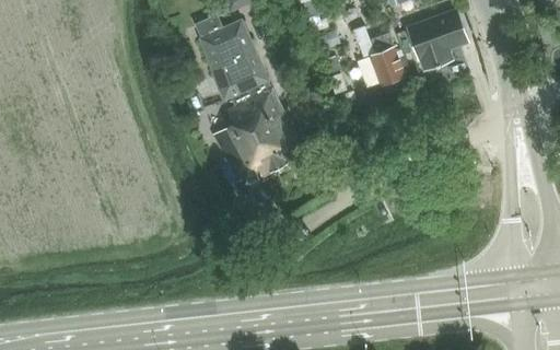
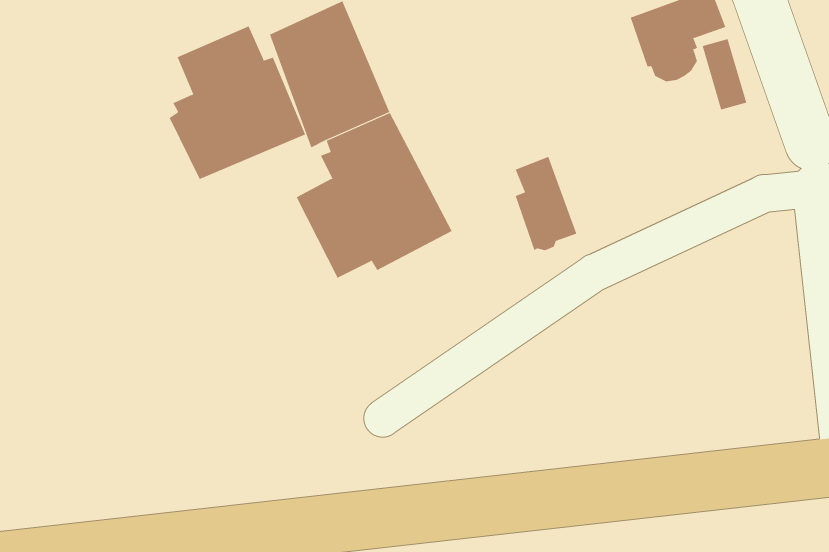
building: [369,32,405,86] -> [515,156,577,251]
building: none -> [169,25,306,180]

